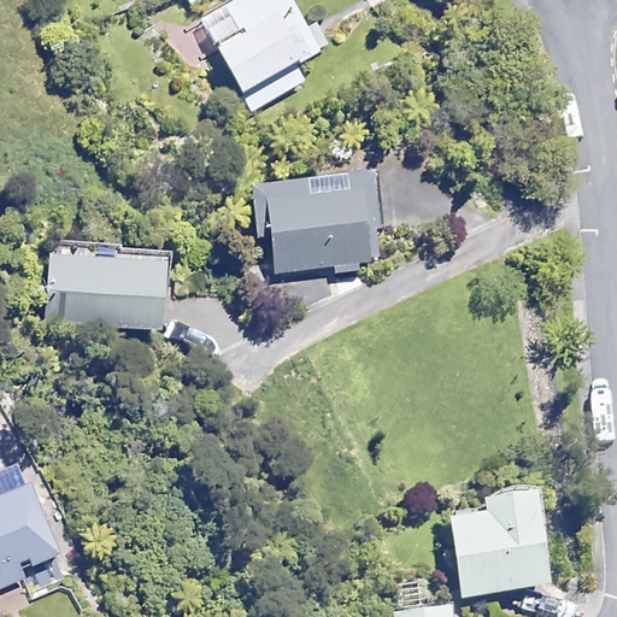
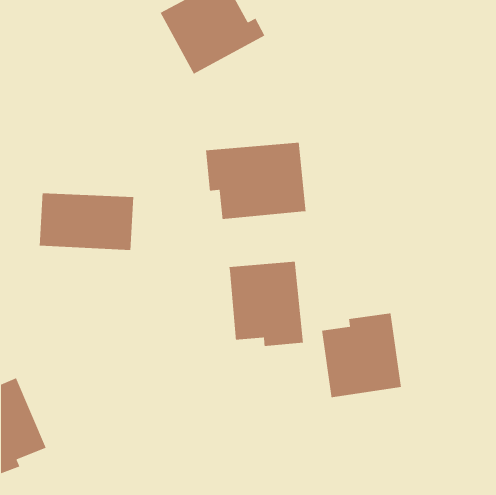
building: none -> [228,261,304,347]
building: [448,492,548,598] -> [321,313,402,398]

